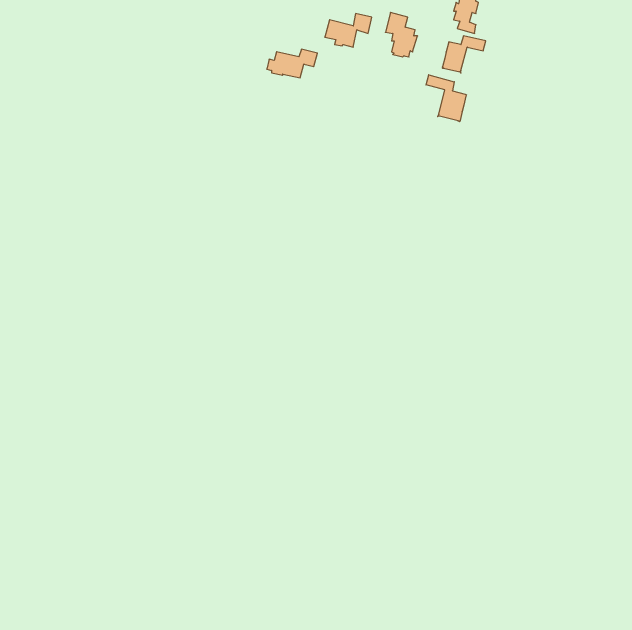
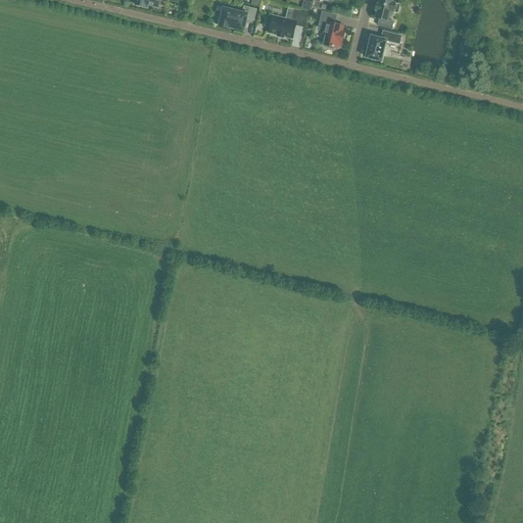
building: [267,49,317,78] -> [215,5,256,29]
building: [426,75,466,122] -> none

